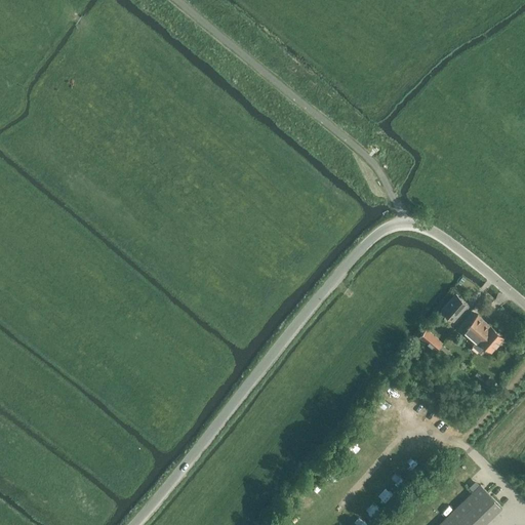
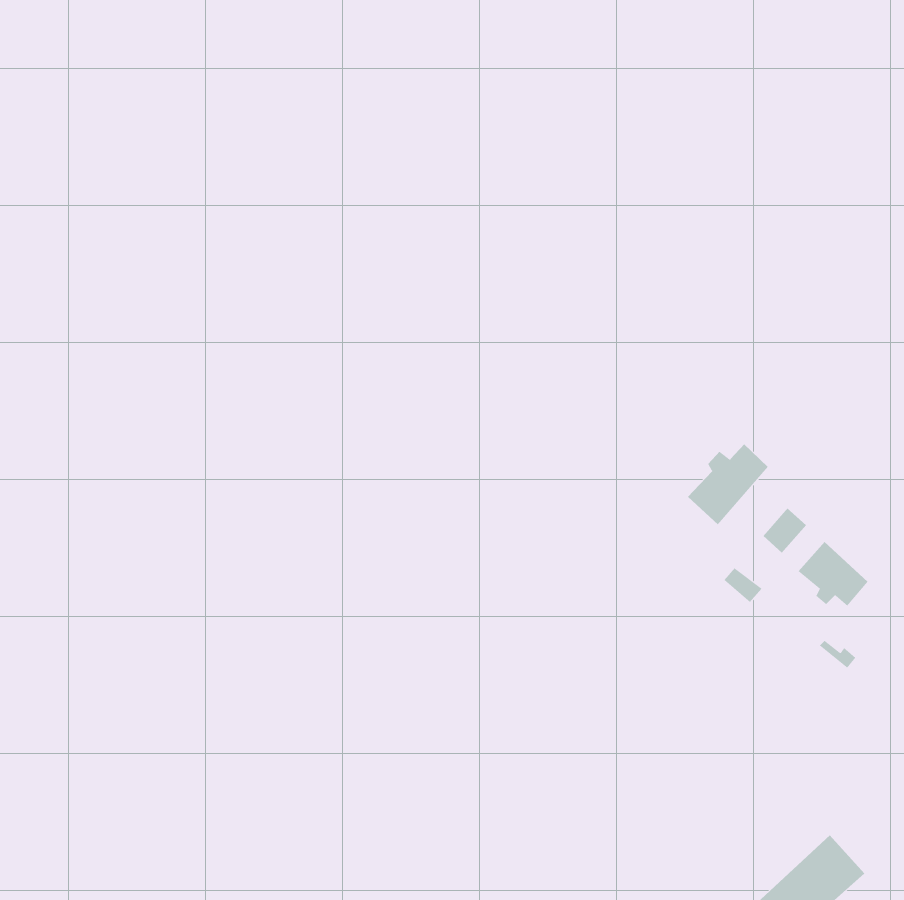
building: none -> [687,444,769,525]

